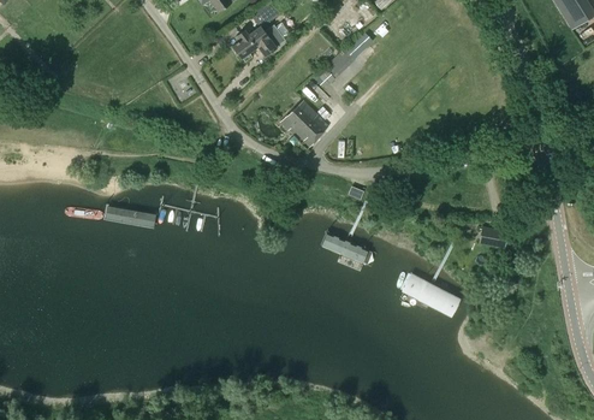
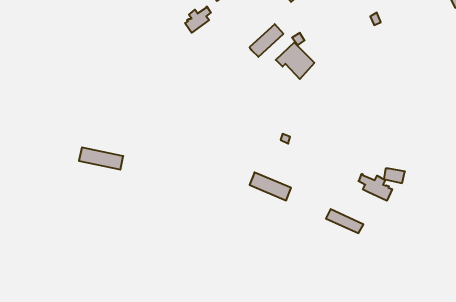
building: [259,23,290,57] -> none
building: [280,101,328,147] -> [276,43,314,79]
building: none -> [358,174,392,201]

